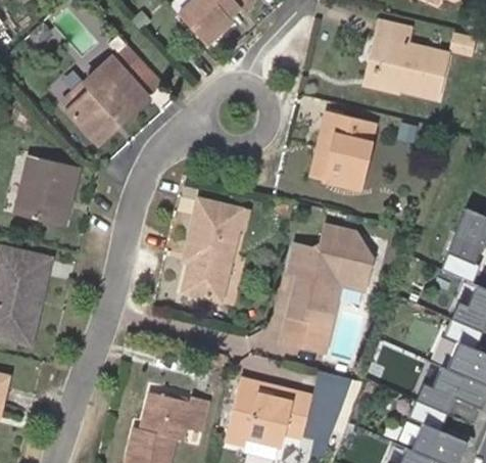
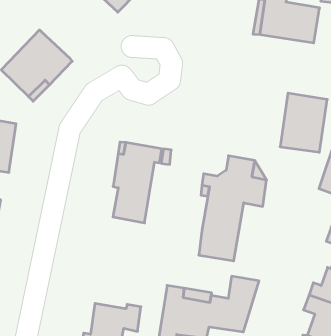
building: [113,44,160,94] -> none
building: [314,112,376,187] -> [280,93,327,152]

